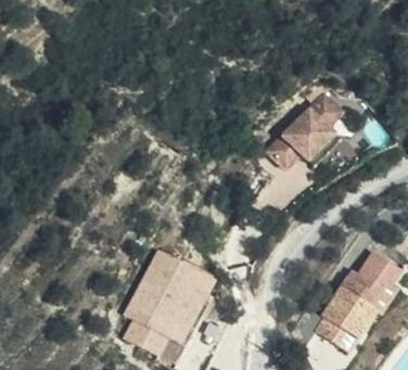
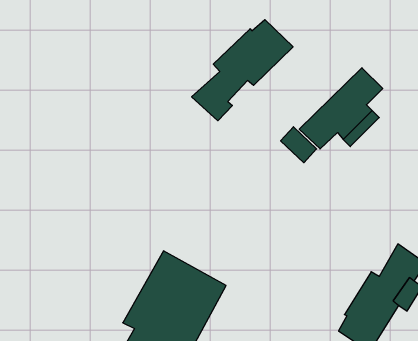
building: none -> [192,20,293,121]

